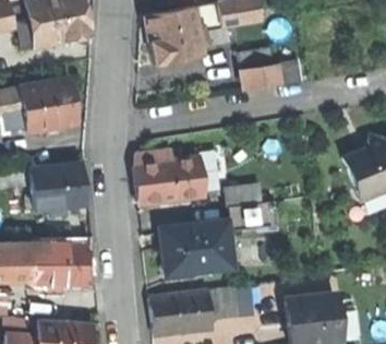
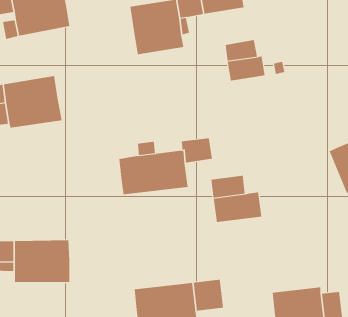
building: [28,168,85,215] -> none
building: [159,220,232,274] -> none

